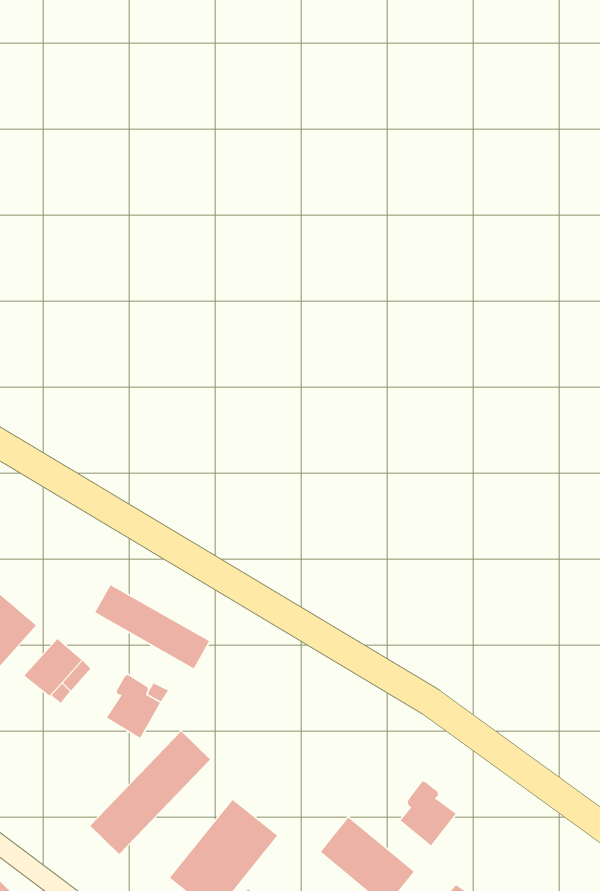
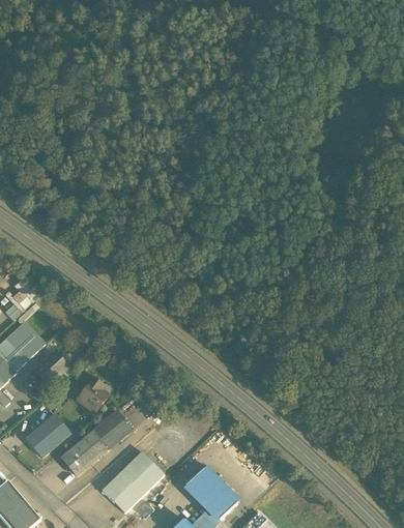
building: [94,584,210,669] -> none
building: none -> [25,414,69,458]
building: [399,781,457,847] -> none

